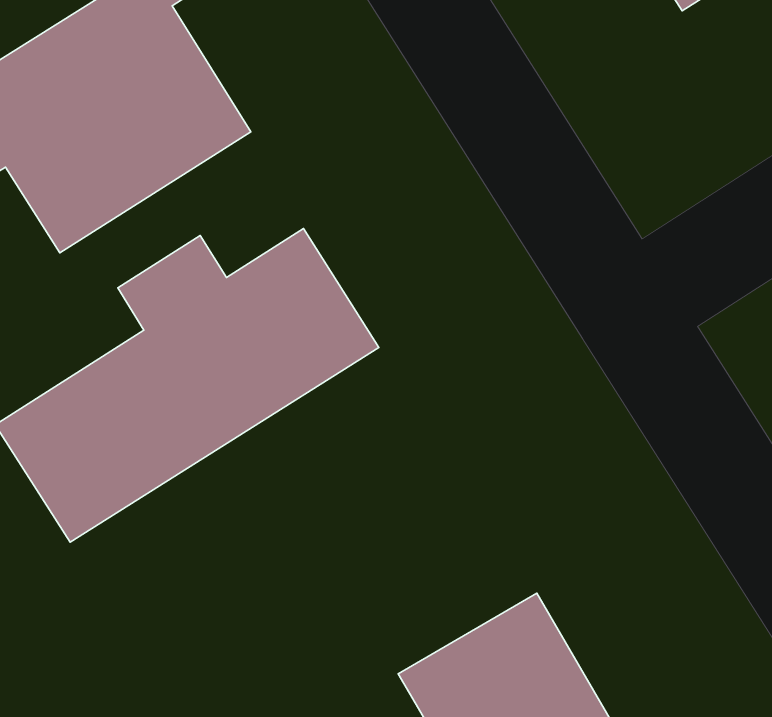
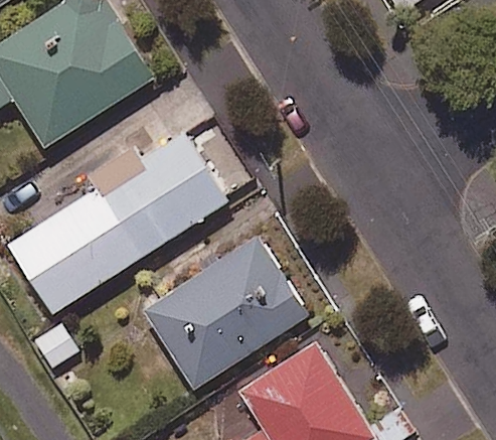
building: none -> [143,234,306,384]

